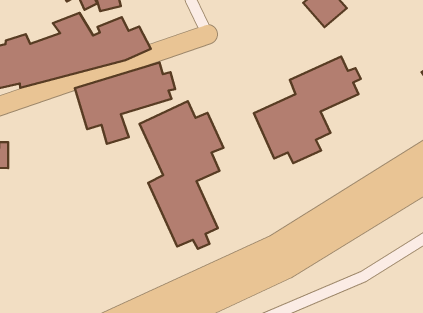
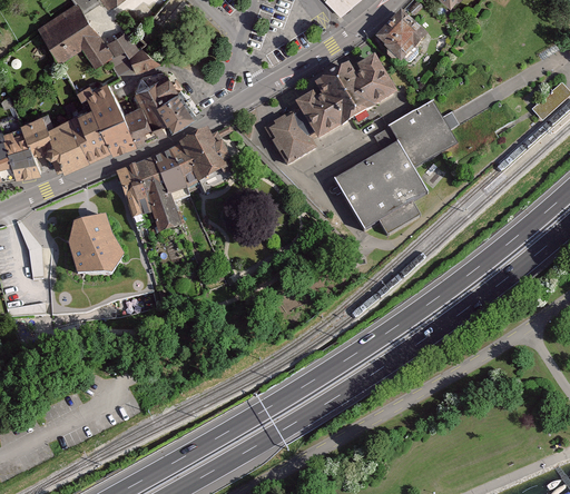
building: none -> [264,52,395,164]
building: [139,101,223,249] -> none
building: none -> [66,215,122,276]

